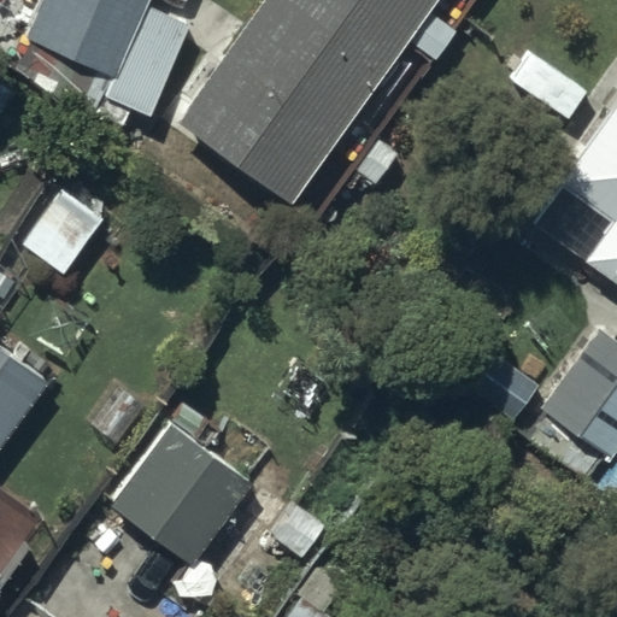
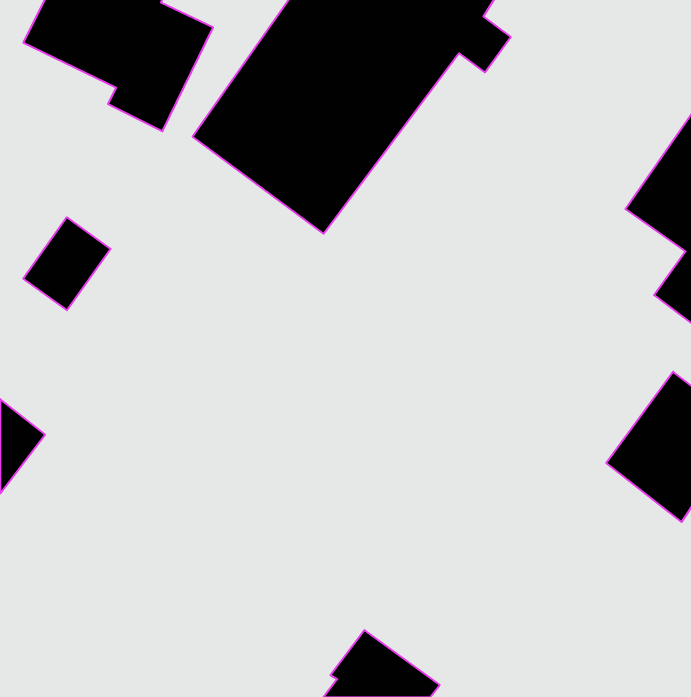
building: [108,424,251,566] -> none

